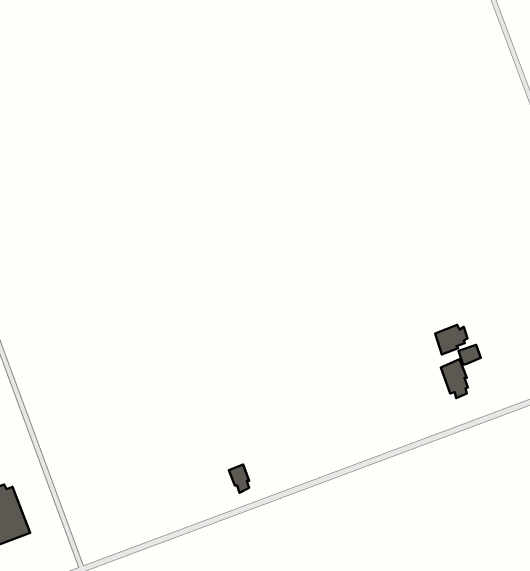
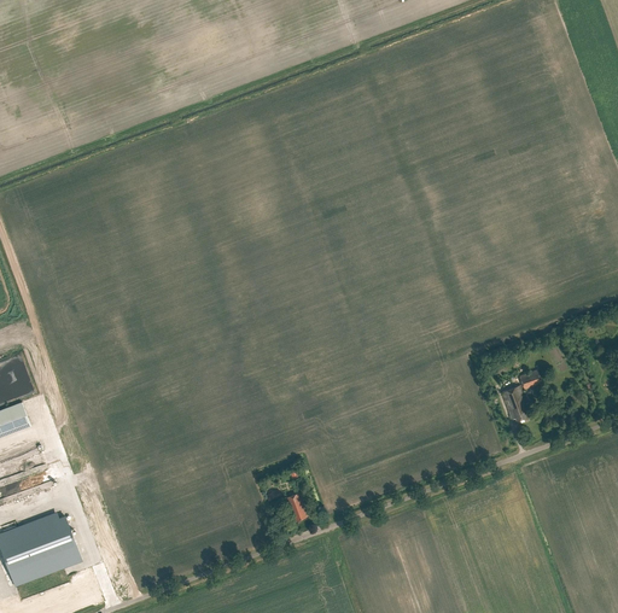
building: [435,325,468,354] -> none

